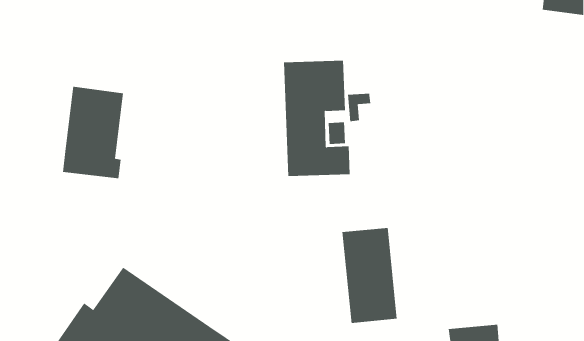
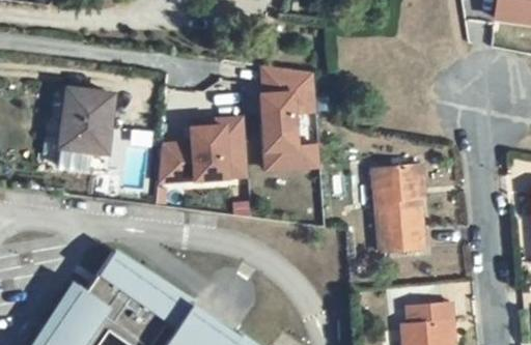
building: none -> [158,116,247,182]
building: [342,227,398,323] -> [372,166,423,253]

